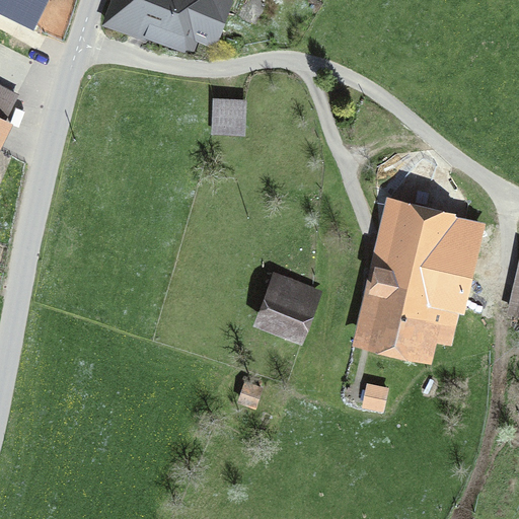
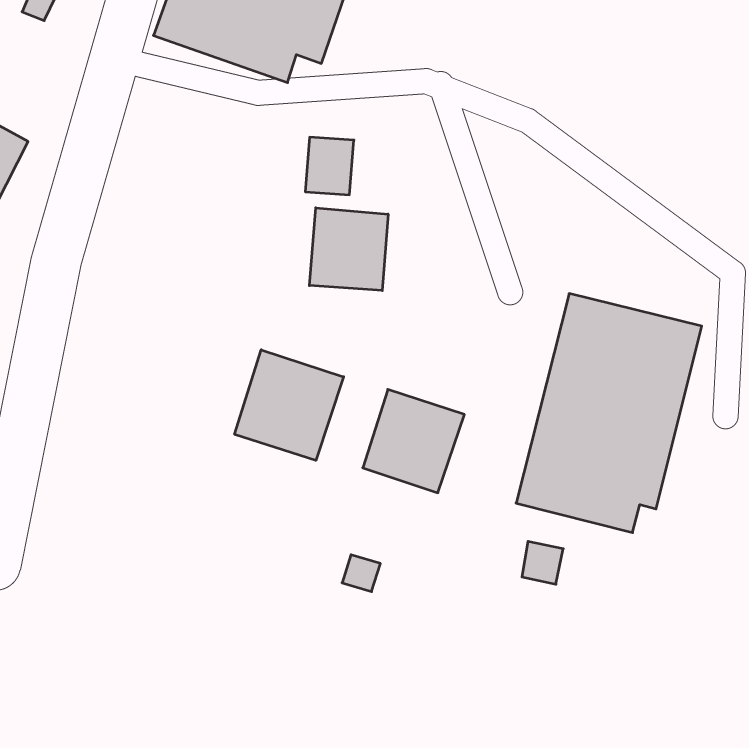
building: none -> [309,208,388,291]
building: none -> [235,350,344,460]

